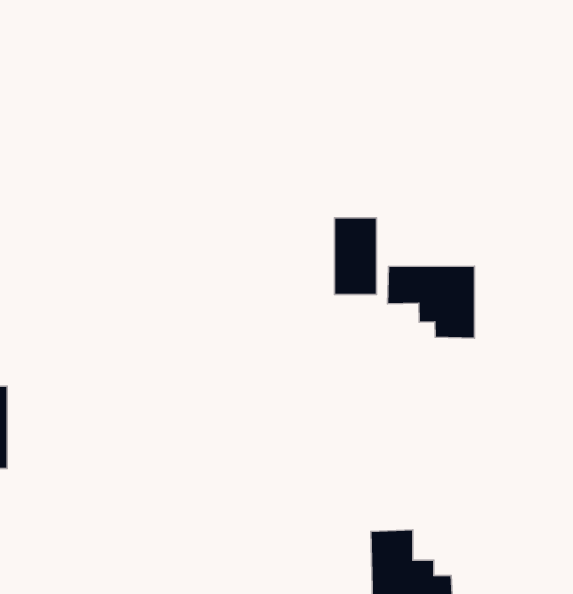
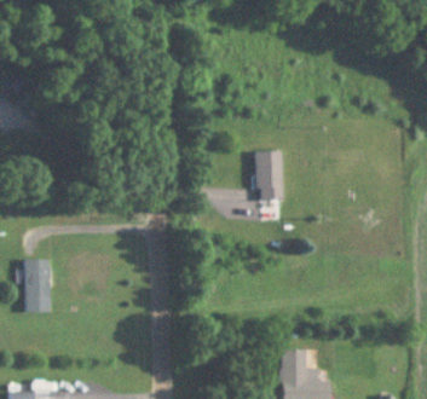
building: [387,266,474,338] -> none

